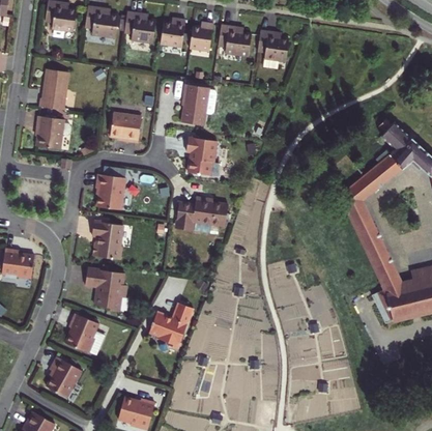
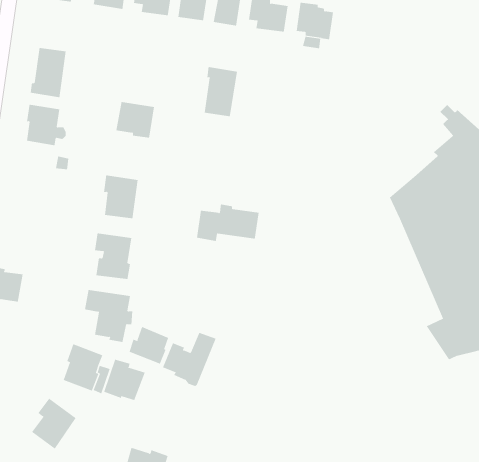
building: [186,136,220,175] -> none
building: none -> [129,326,169,364]
building: none -> [104,359,145,401]

